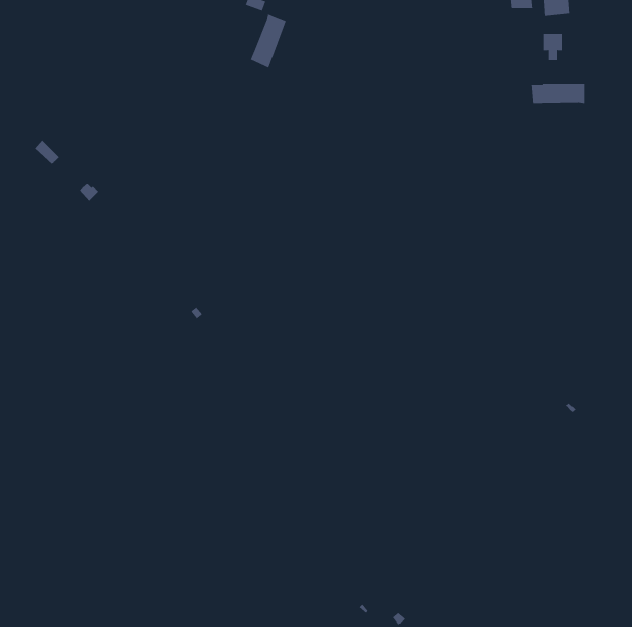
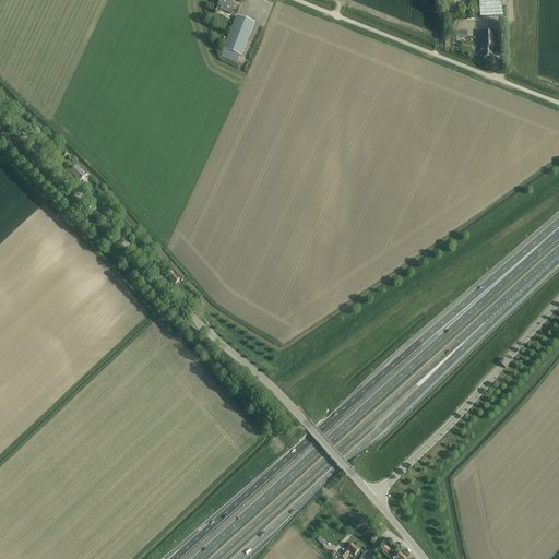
building: [531,83,585,104] -> none

